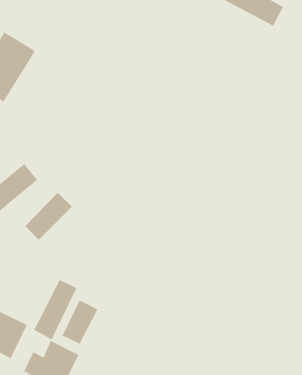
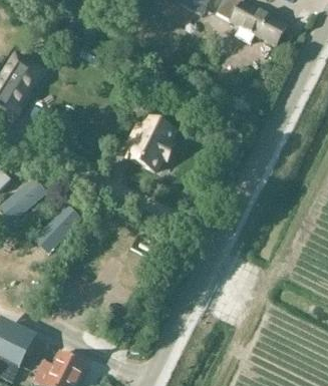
building: none -> [129,117,174,169]
building: [34,279,77,340] -> none
building: [62,299,98,345] -> none

